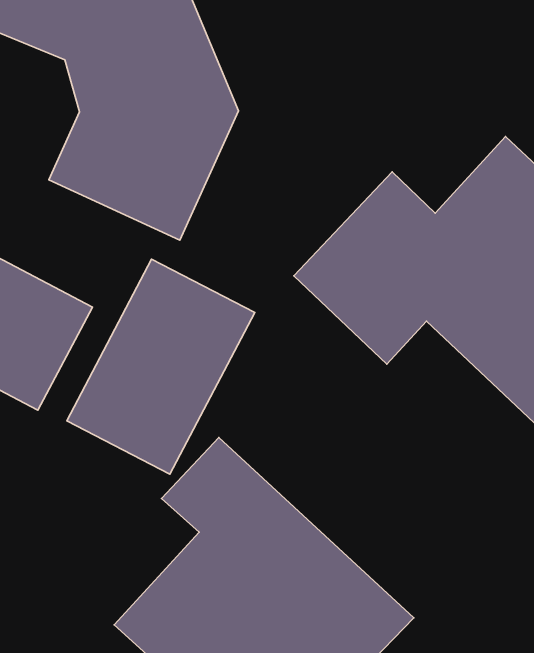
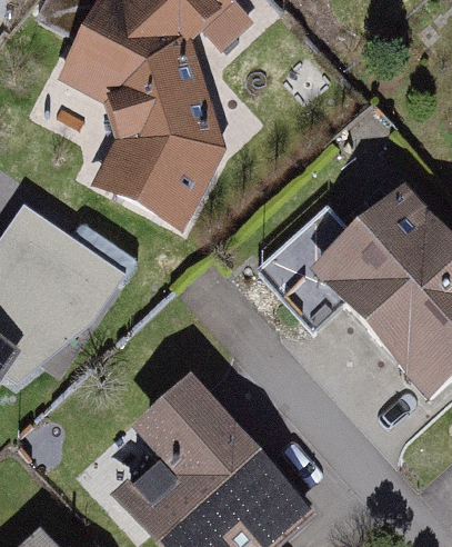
building: [67,259,255,474] -> none

